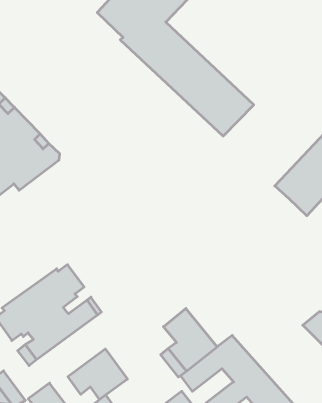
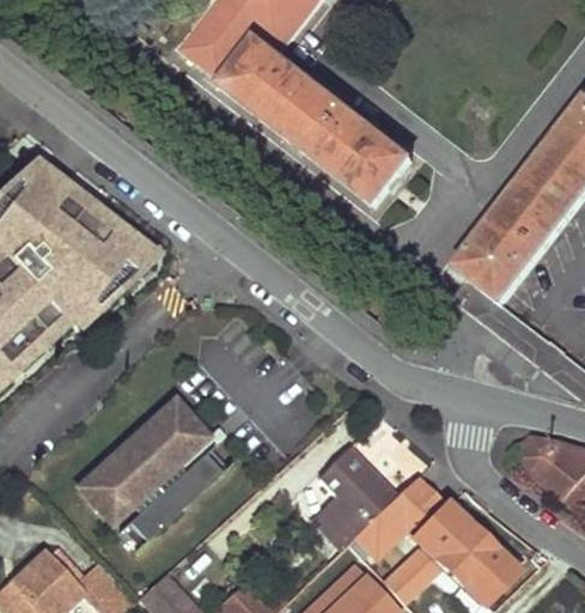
building: [68,349,127,399] -> none

